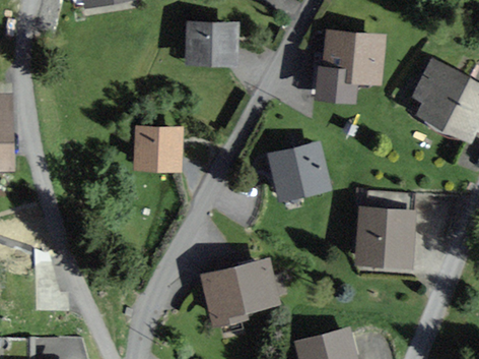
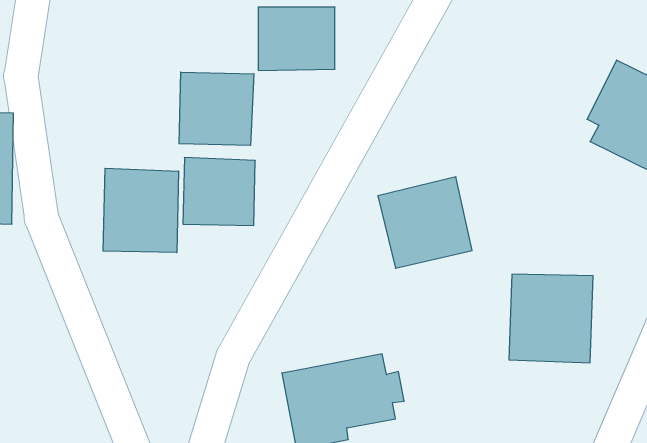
building: [313,27,386,105] -> none
building: none -> [179,72,254,145]
building: none -> [103,168,178,253]

